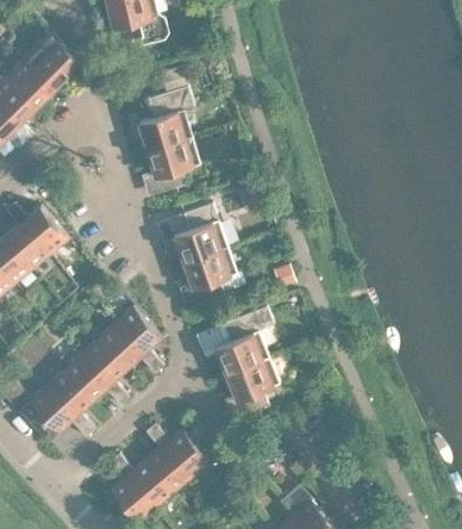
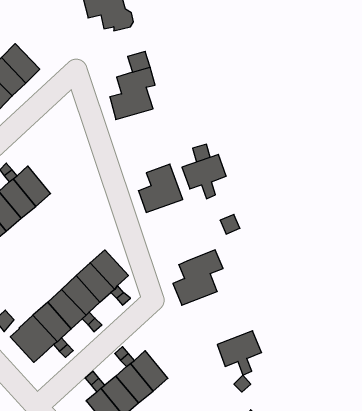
building: [23,32,76,89] -> none
building: [144,137,198,189] -> none
building: [181,247,235,300] -> [182,154,226,199]
building: [224,357,277,411] -> [217,331,262,375]

